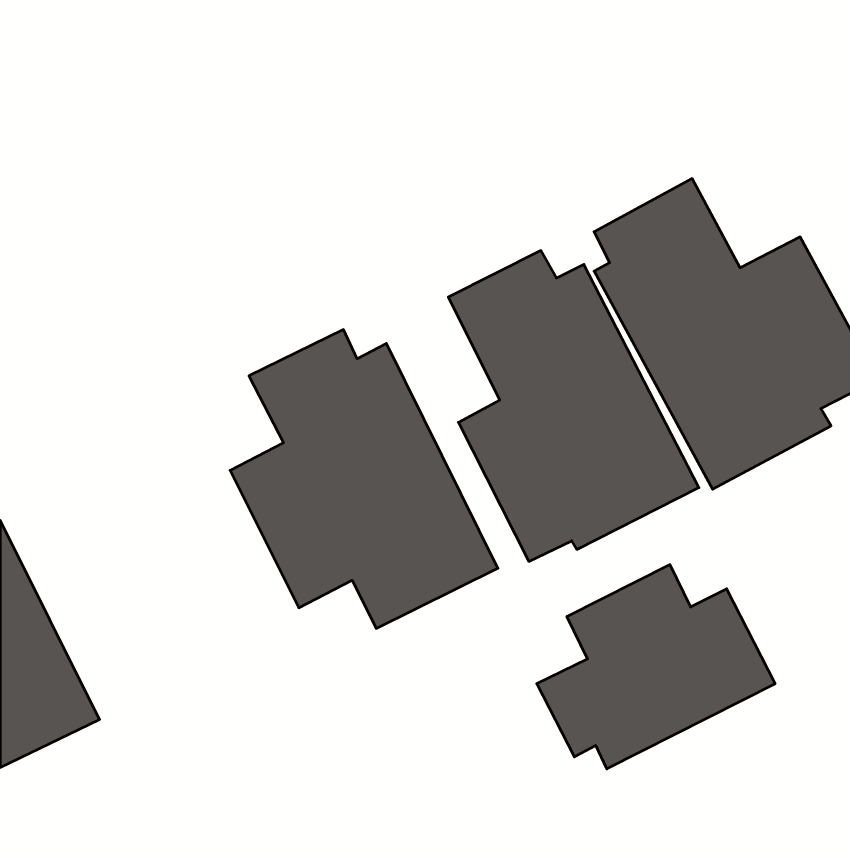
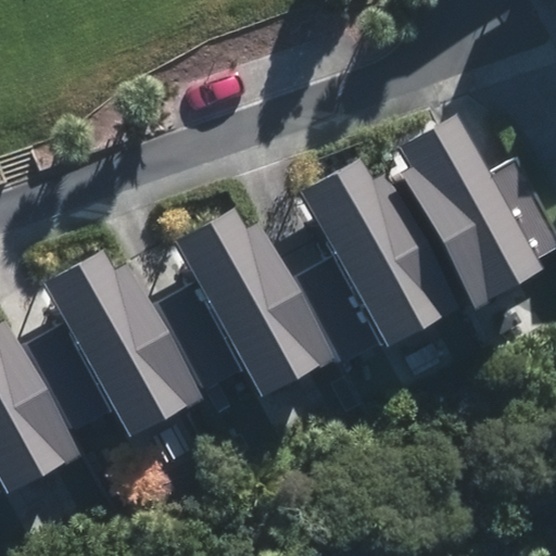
building: none -> [31,251,202,439]
building: [537,565,775,769] -> none

